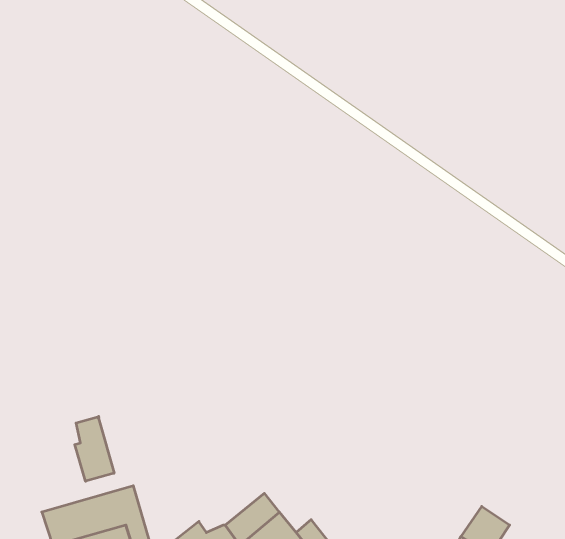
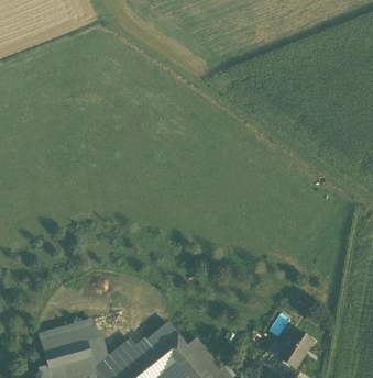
building: [75,416,114,481] -> none

